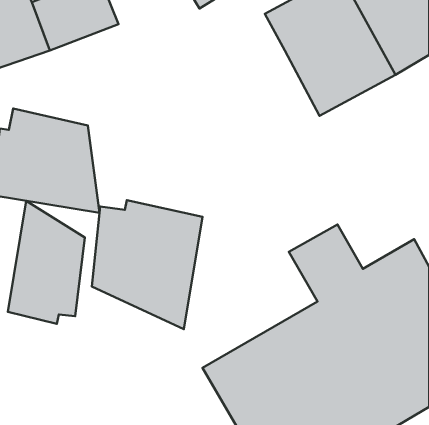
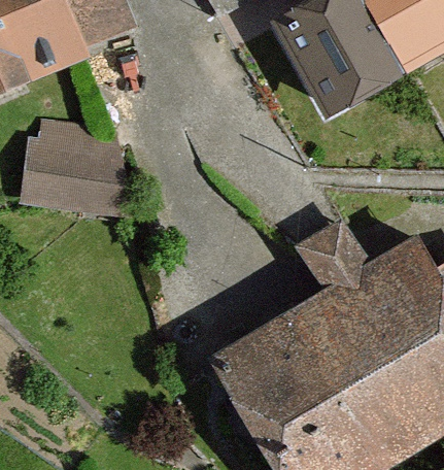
building: [92,200,203,329] -> none
building: [8,201,85,324] -> none

